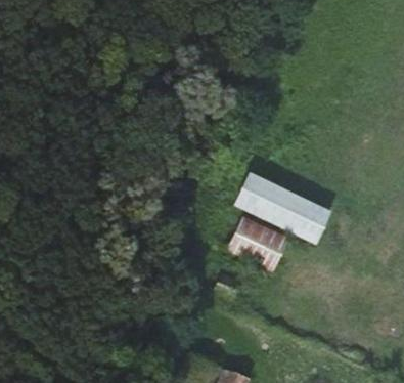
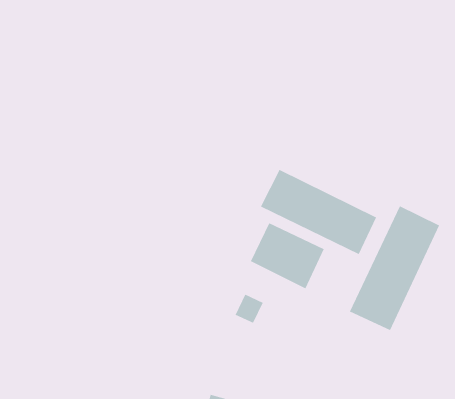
building: none -> [349,205,440,331]

